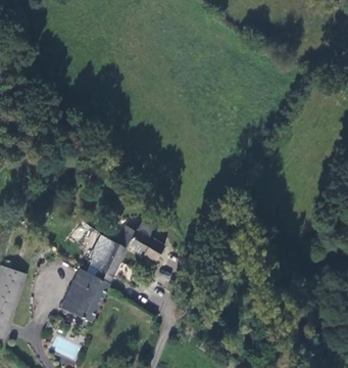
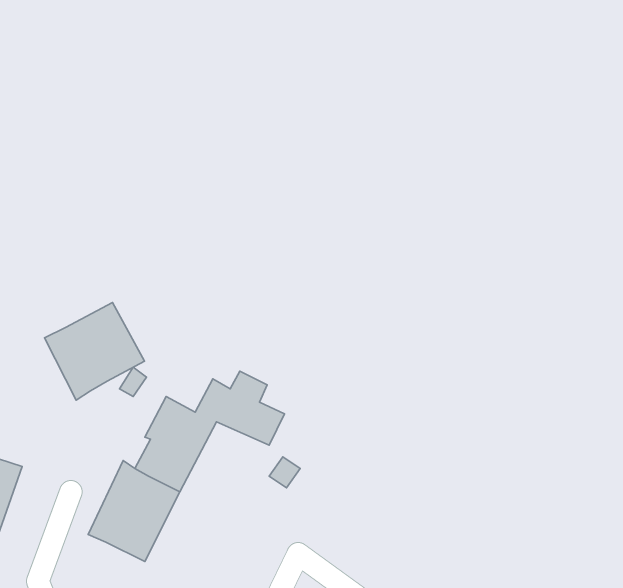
building: none -> [44,302,145,400]

